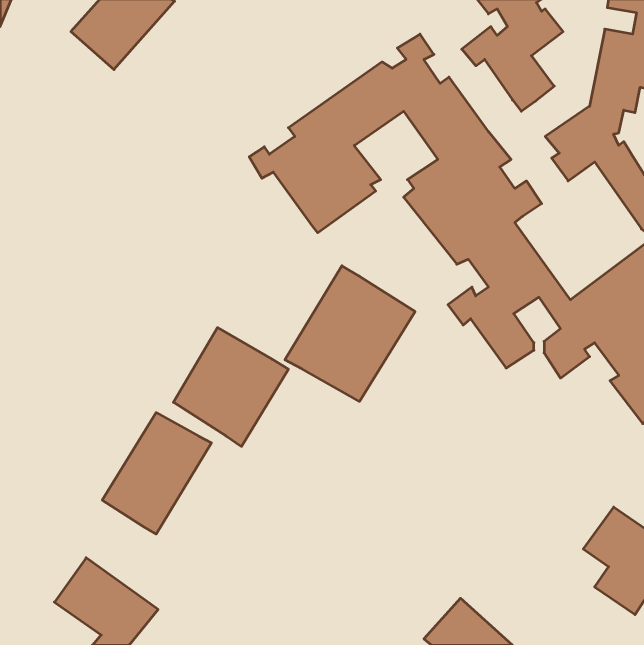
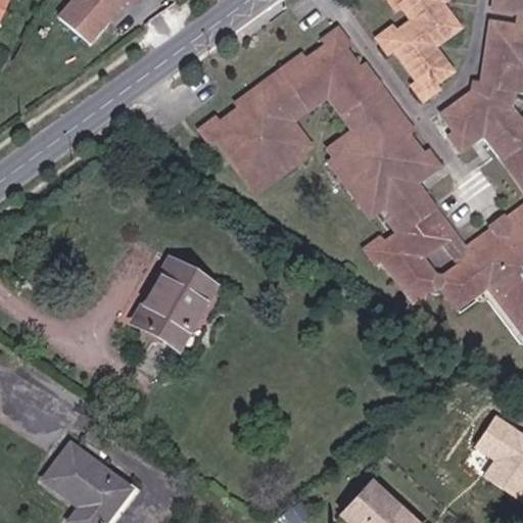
building: [285,266,415,401] -> none
building: [102,413,211,534] -> none

